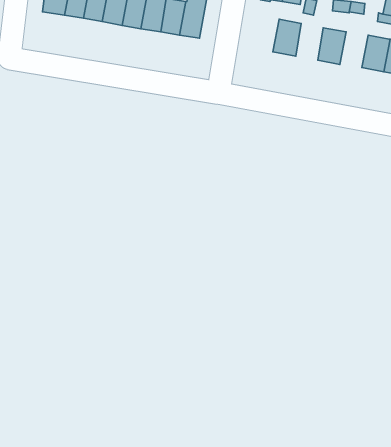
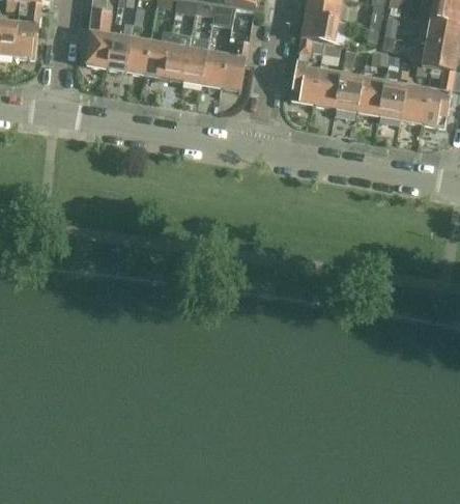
building: none -> [291,60,318,102]
building: none -> [335,74,362,110]
building: none -> [378,82,406,117]

